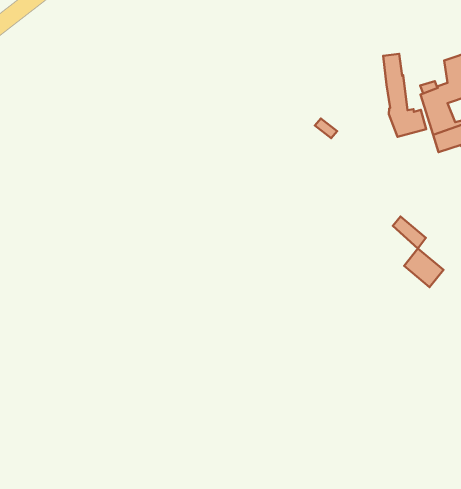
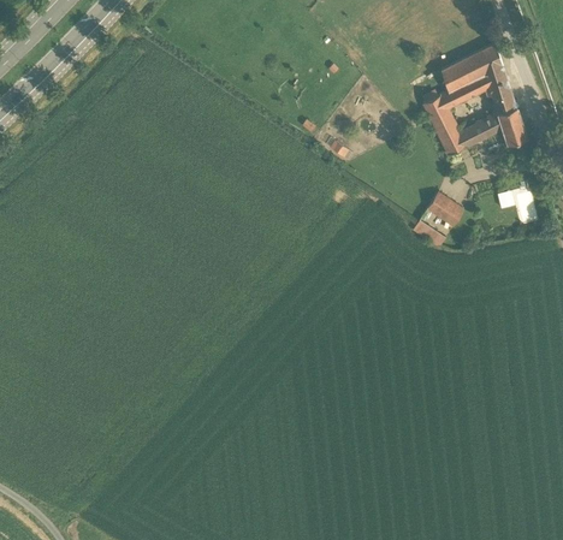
building: [383,54,426,137] -> none
building: [404,249,443,287] -> [427,194,464,229]

